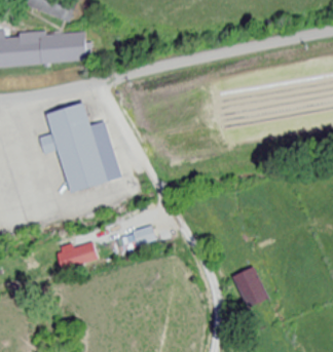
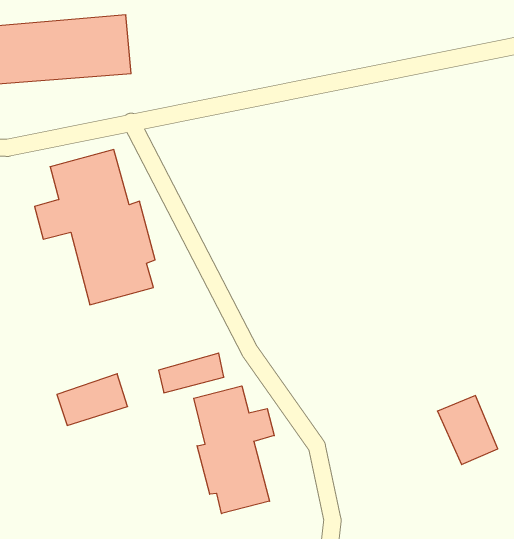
building: none -> [194,386,274,514]
building: [229,266,265,307] -> [437,396,498,465]

